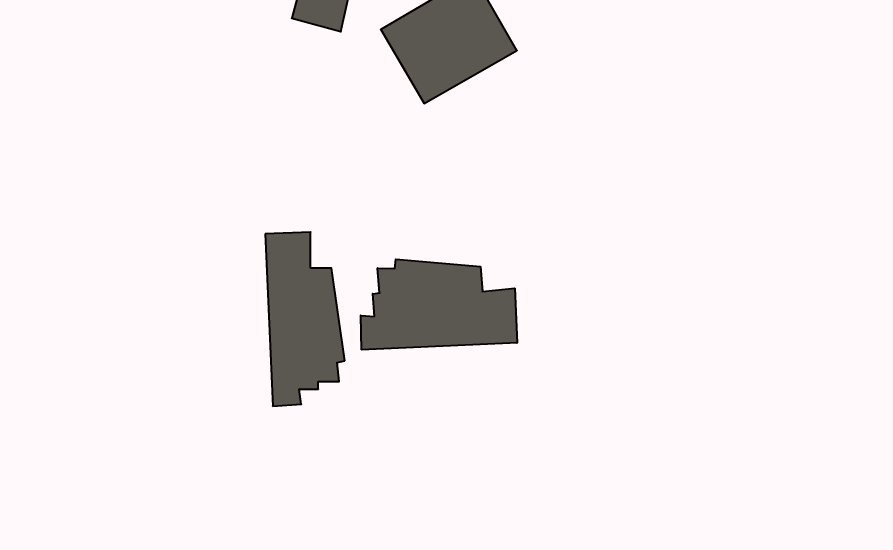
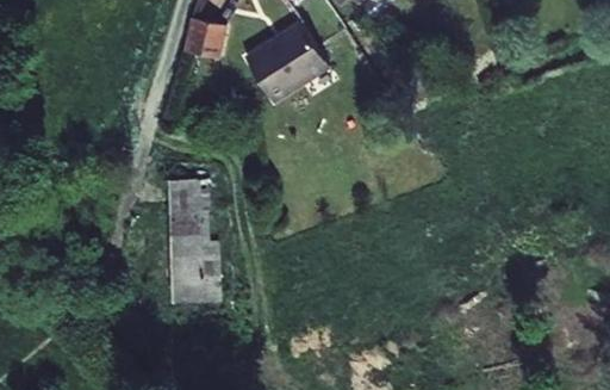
building: [361,259,517,350] -> none

